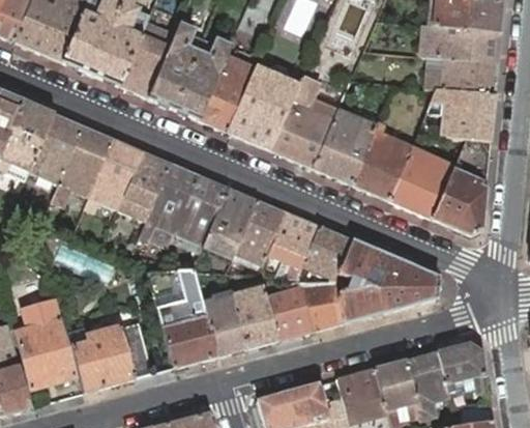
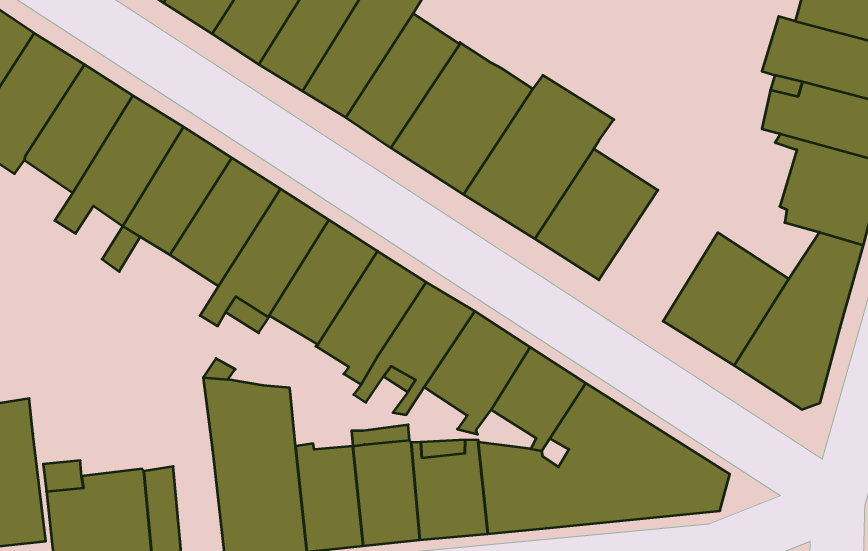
building: [350,124,411,200] -> none

